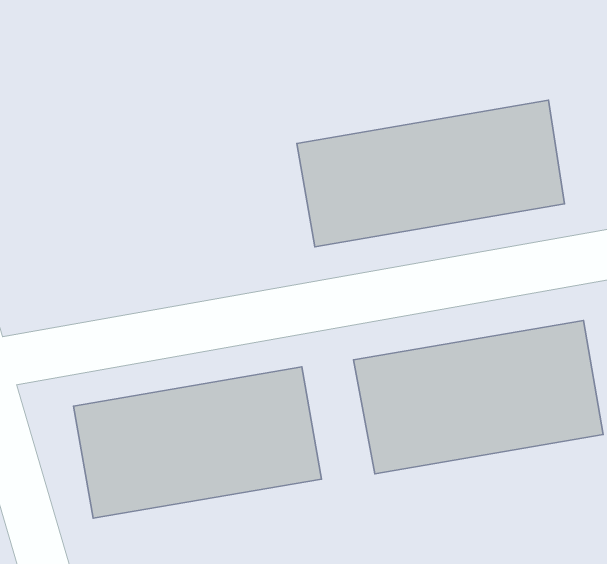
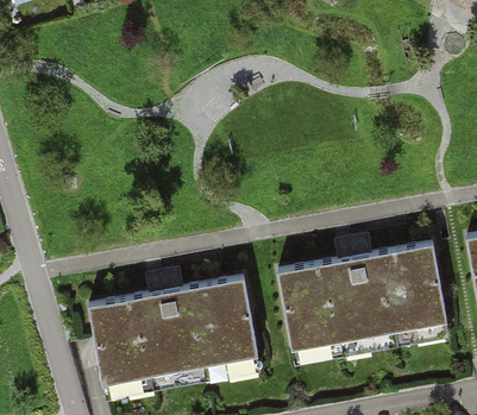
building: [297,100,564,247] -> none

